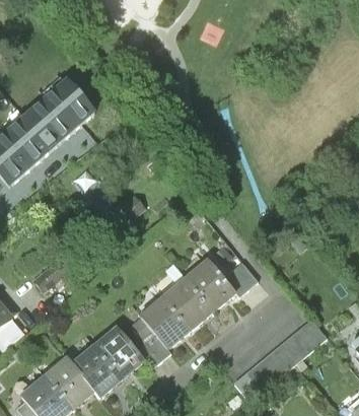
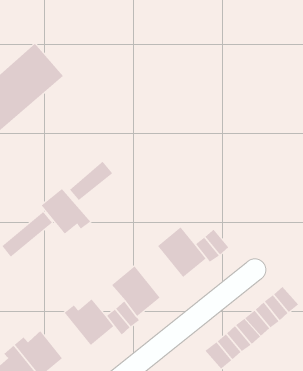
building: none -> [41,188,91,235]
building: [165,278,213,329] -> none
building: [77,344,122,395] -> none

